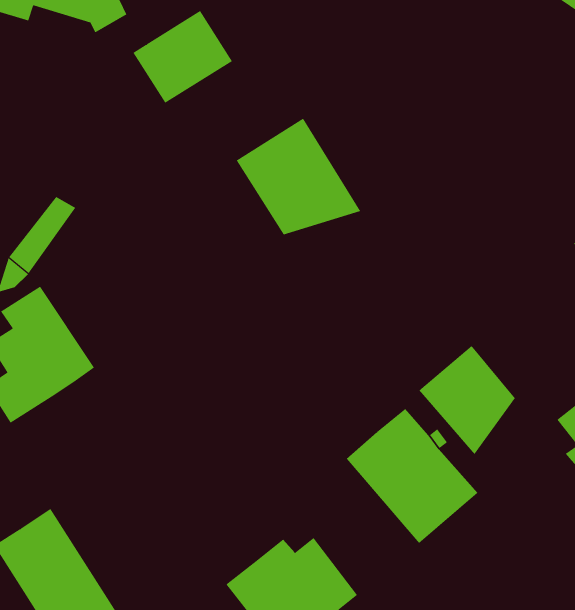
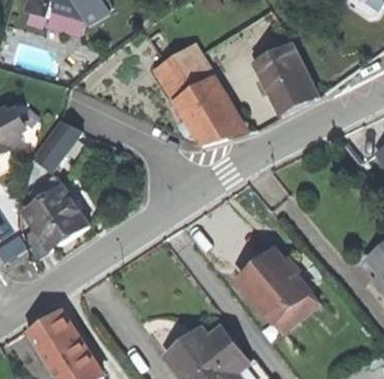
building: [133,10,233,104] -> [152,44,212,100]
building: none -> [255,43,317,113]
building: [419,345,516,455] -> none

